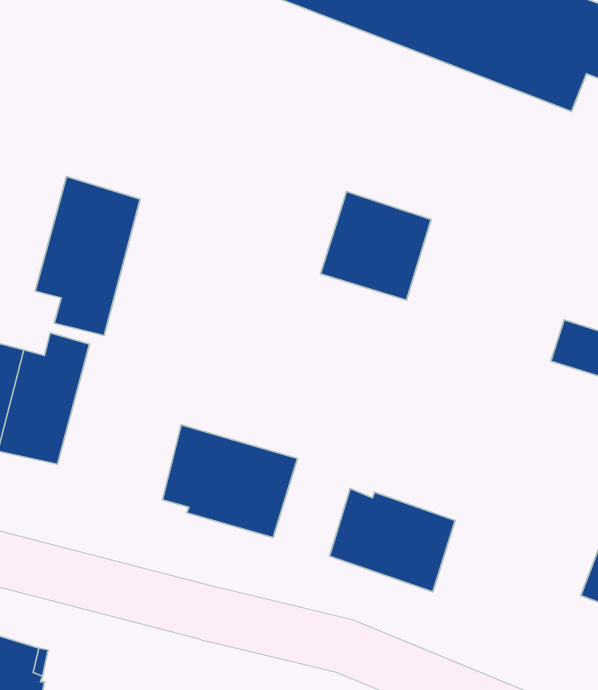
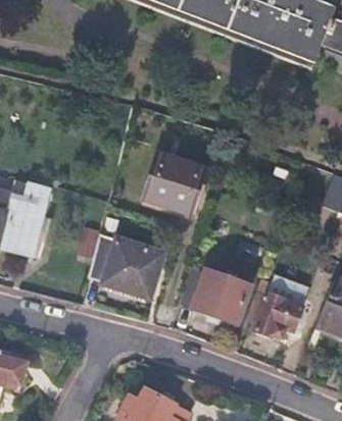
building: [35,176,140,335] -> none
building: [320,191,431,300] -> [143,154,203,213]
building: none -> [248,290,303,338]

